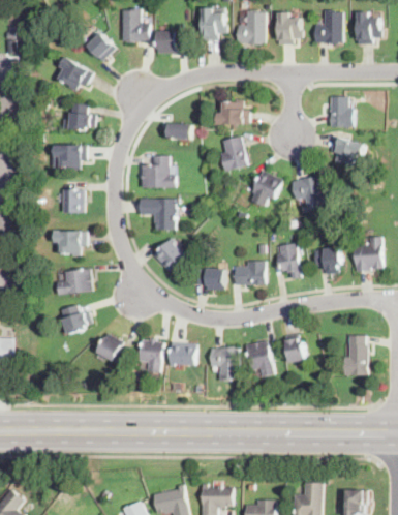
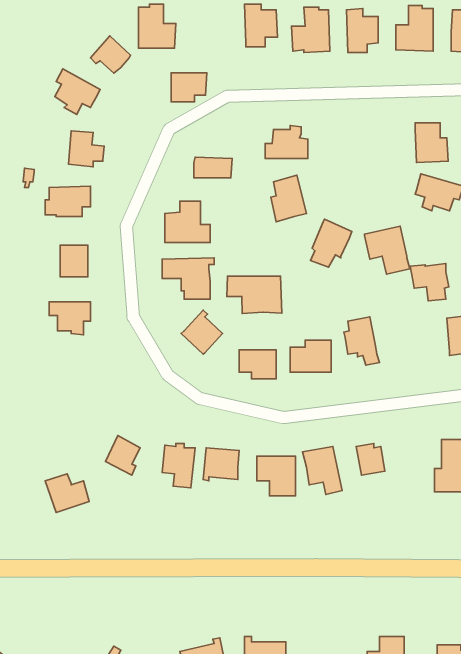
building: [157,31,184,53] -> [171,73,207,102]
building: none -> [227,276,282,314]
building: [312,247,341,275] -> [410,264,449,301]
building: [56,268,91,295] -> none
building: [59,305,92,334] -> [45,474,89,512]

